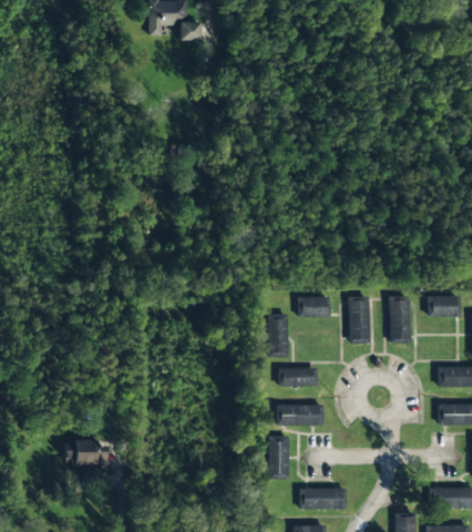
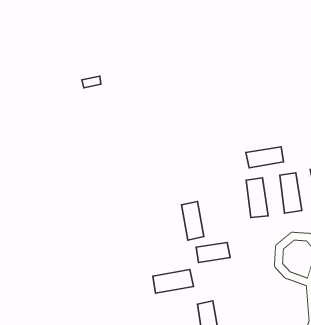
building: none -> [246,147,284,168]
building: [298,296,329,318] -> none
building: [276,405,322,427] -> [153,270,193,293]

